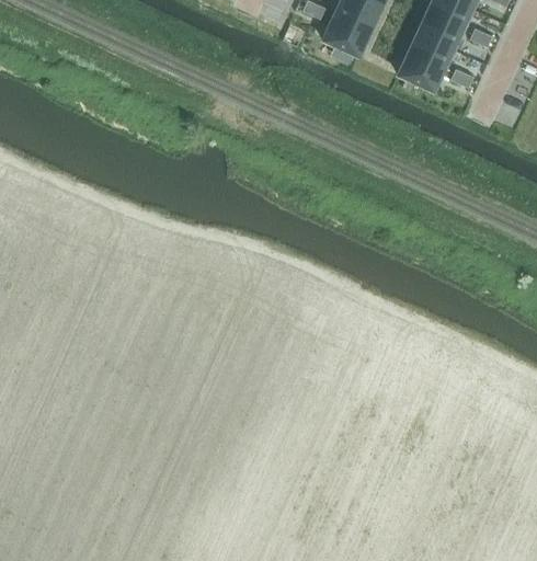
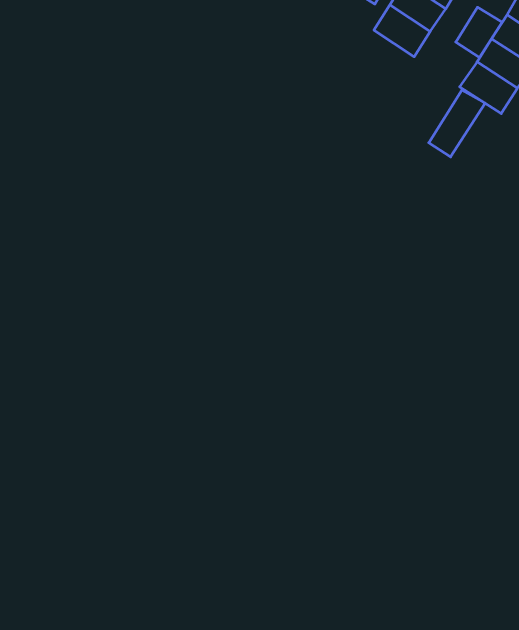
building: none -> [456,7,502,57]
building: none -> [429,90,485,157]

